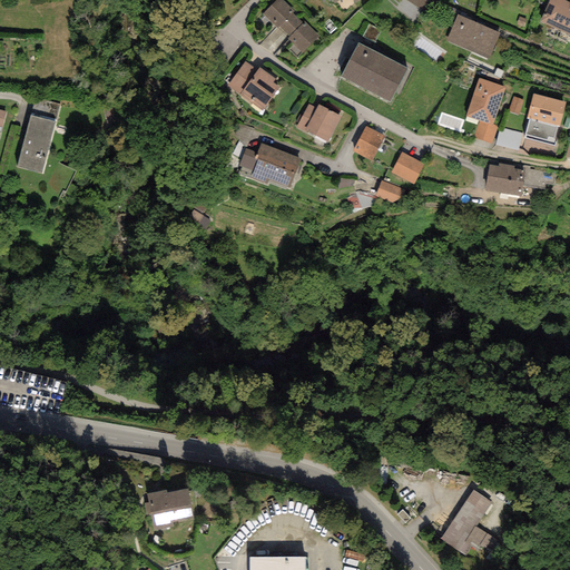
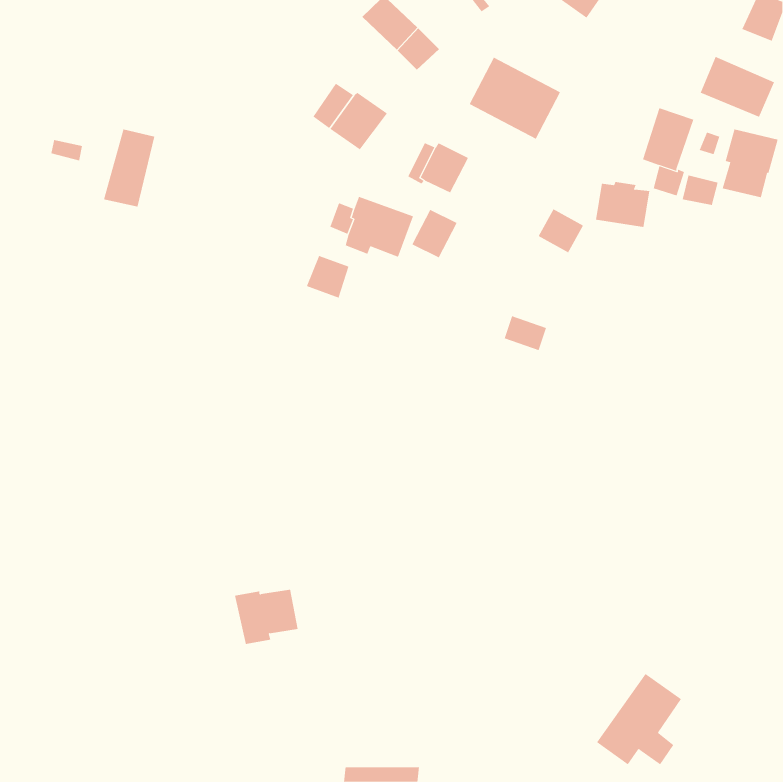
building: [445,12,500,57] -> [700,56,775,117]
building: [17,115,55,171] -> [103,129,155,207]
building: [352,125,385,160] -> [412,209,458,258]
building: [484,163,524,196] -> [595,182,650,228]
building: [375,179,406,205] -> [504,315,547,351]
building: none -> [306,255,349,298]
building: [147,489,194,529] -> [234,589,299,644]

